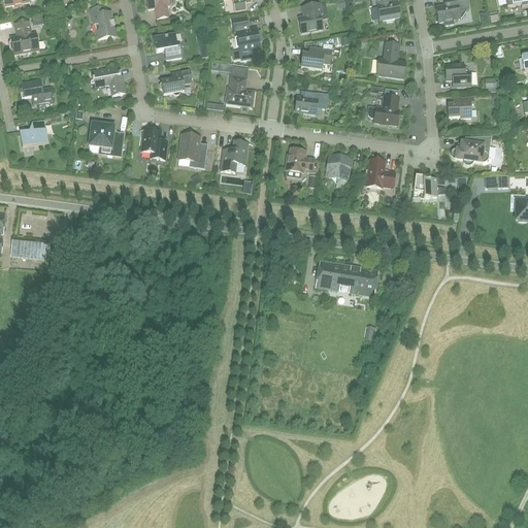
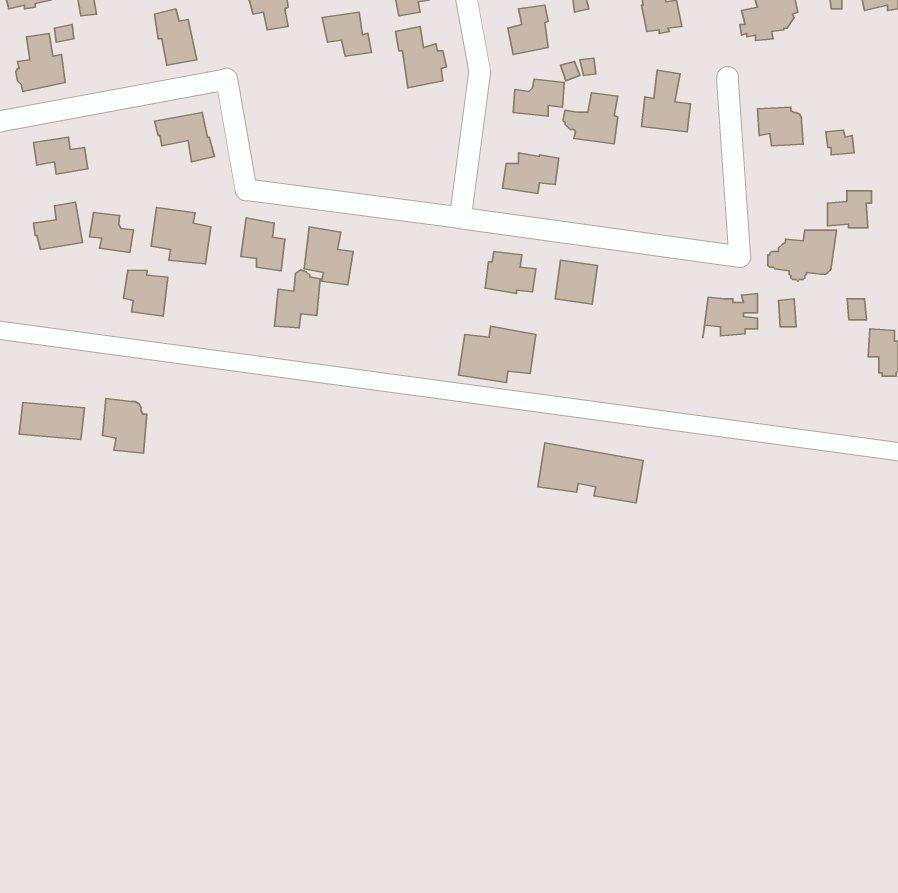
building: [153,33,182,59] -> [322,12,371,56]
building: [159,69,192,94] -> none
building: [225,75,254,105] -> none
building: [367,95,399,125] -> [563,93,618,144]
building: [448,96,473,118] -> [827,191,871,228]
building: none -> [90,213,133,252]
building: [221,137,248,171] -> [275,270,320,328]
building: [365,158,395,187] -> none
building: none -> [123,270,168,316]
building: none -> [458,326,536,383]
building: none -> [103,399,147,453]

